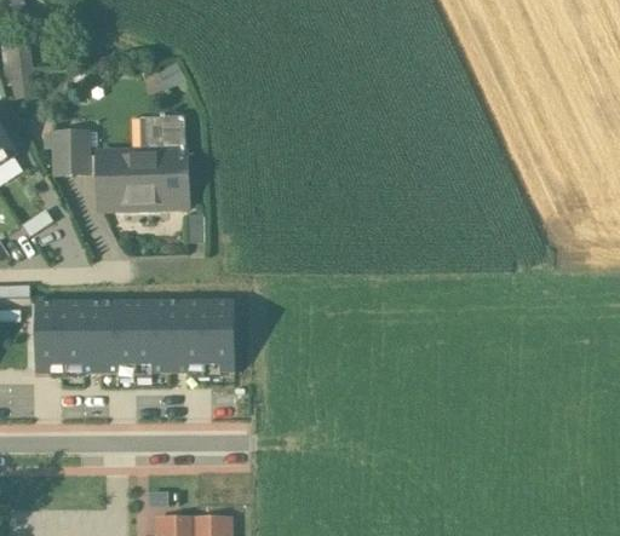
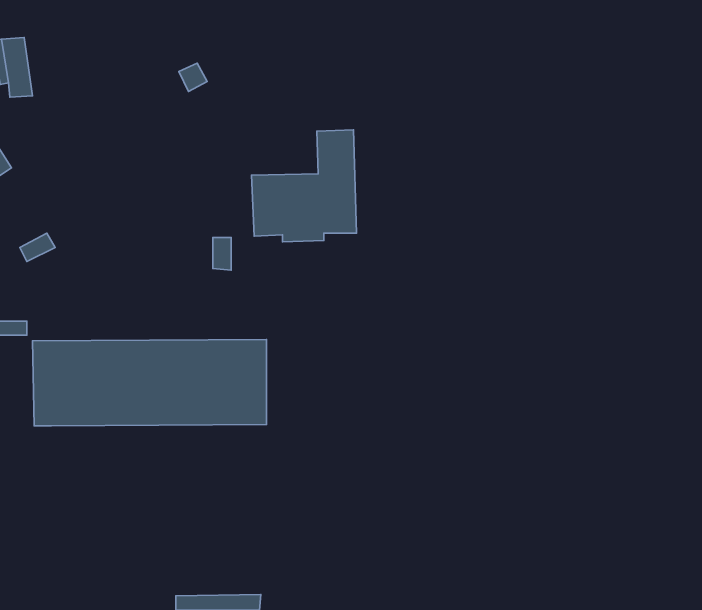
building: [97,115,186,211] -> [251,130,356,242]
building: [53,131,88,173] -> none

